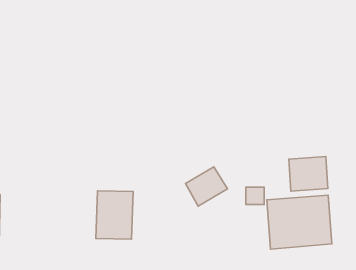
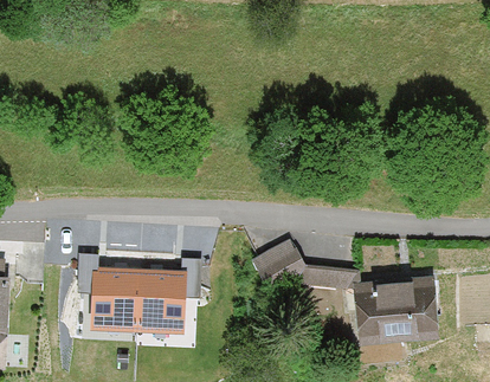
building: [289,156,328,191] -> none
building: none -> [86,267,136,331]

